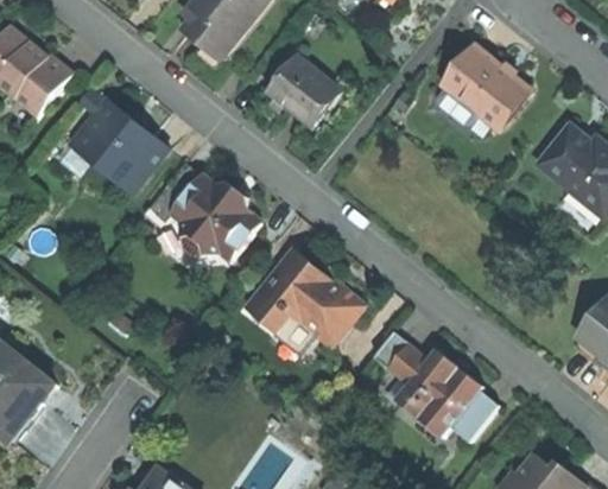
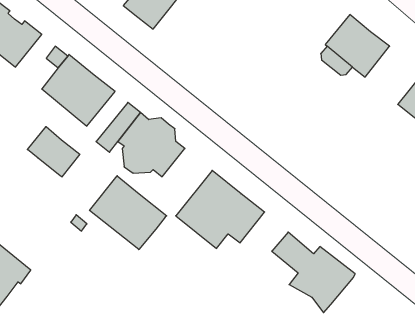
building: [268,56,336,122] -> none
building: none -> [27,127,80,177]
building: none -> [90,176,167,250]
building: [450,390,498,442] -> none

